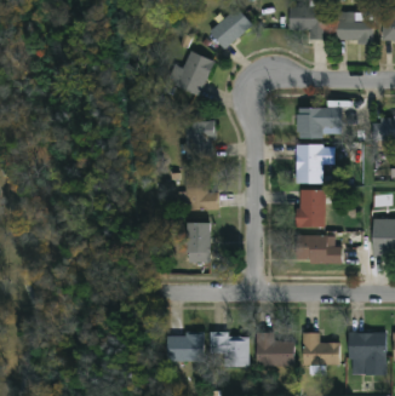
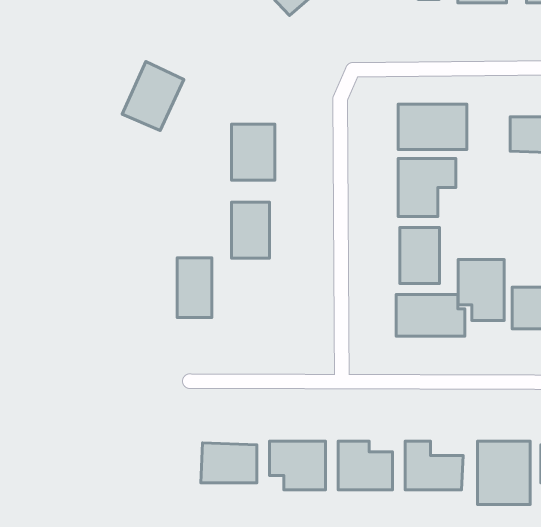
building: [173,50,214,96] -> [122,62,184,130]
building: none -> [458,259,504,321]
building: [188,223,211,263] -> [177,258,212,318]

